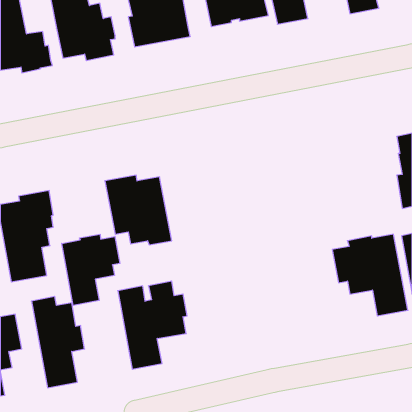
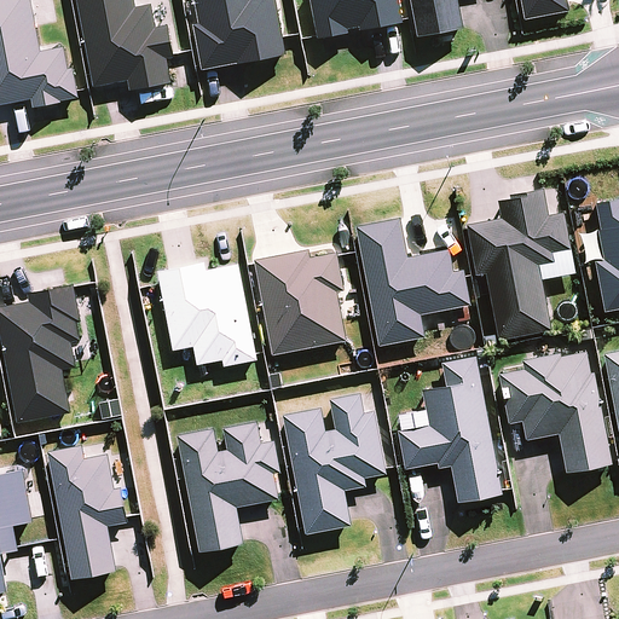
building: none -> [467,189,569,340]
building: none -> [355,219,470,347]
building: none -> [254,250,346,355]
building: [62,234,120,305] -> none
building: none -> [398,357,502,502]
building: none -> [282,393,386,534]

